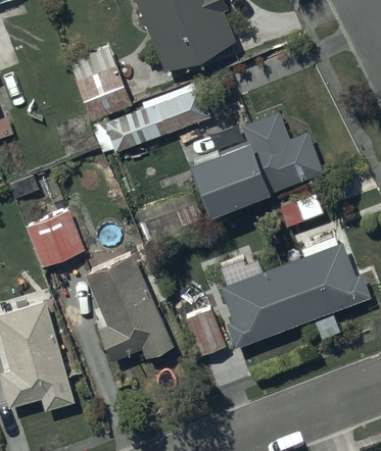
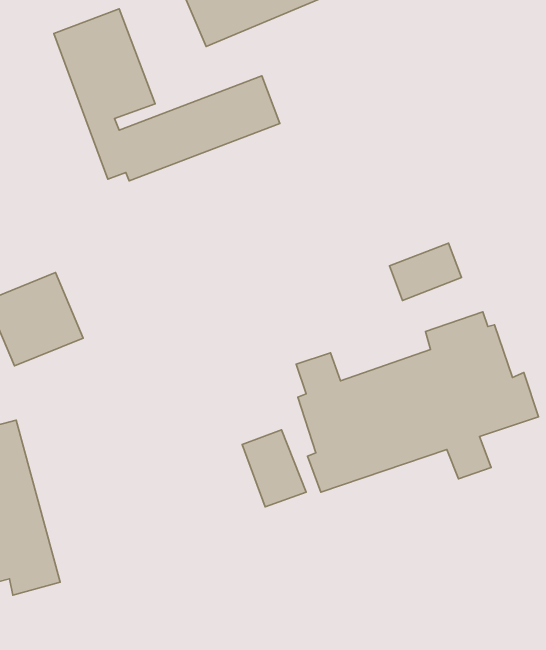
building: [190,109,325,217] -> none
building: [85,254,175,362] -> none

